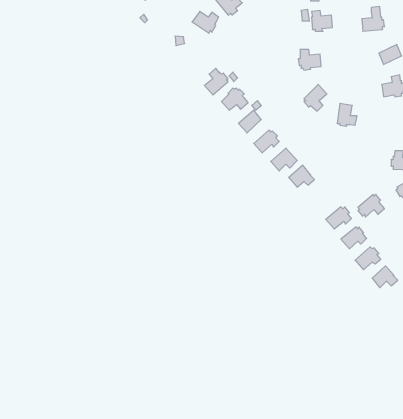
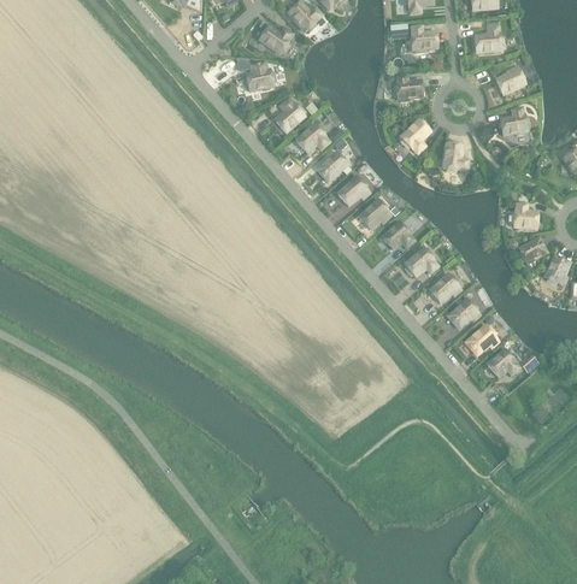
building: none -> [243,64,275,90]
building: [358,194,384,217] -> [404,248,437,277]

